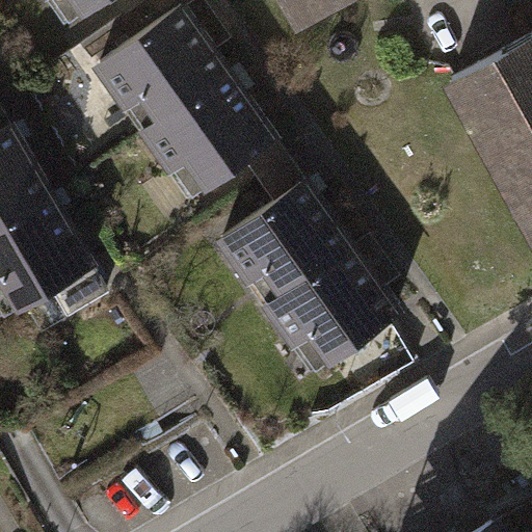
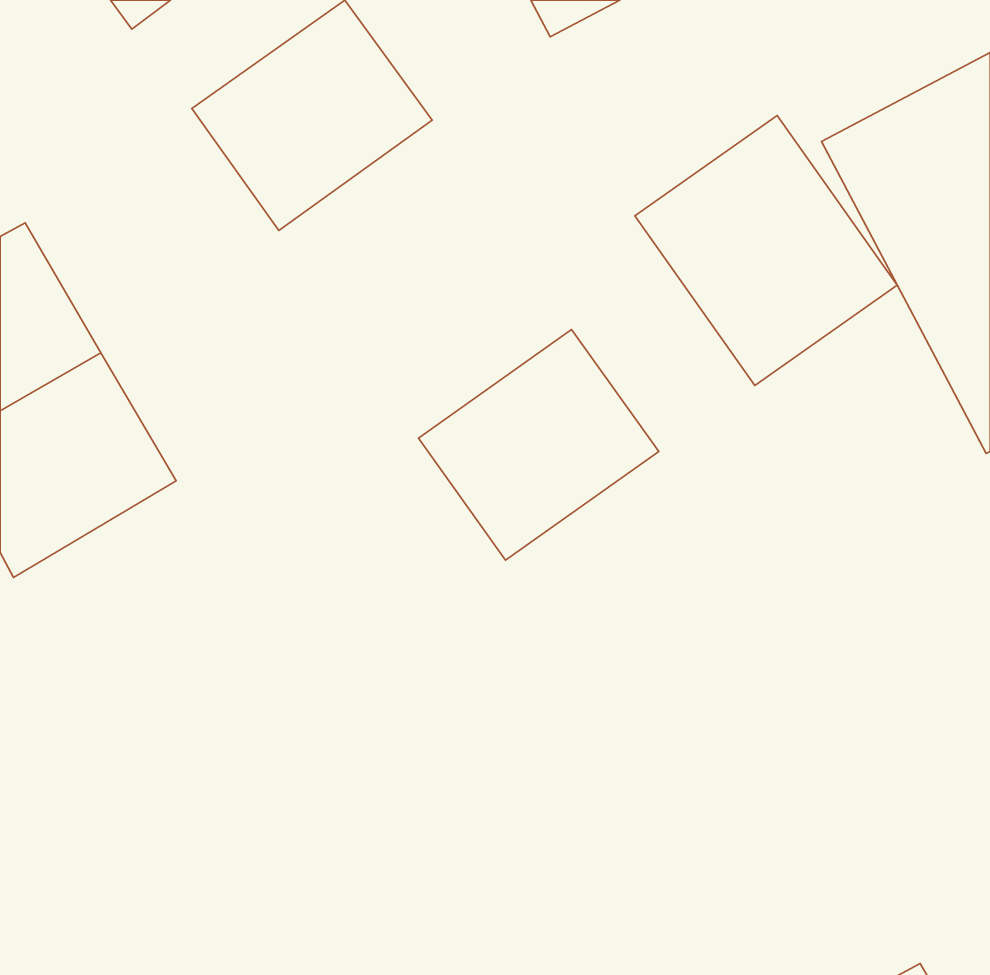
building: none -> [635,116,897,385]
building: [150,73,278,197] -> none
building: [271,250,400,374] -> none

